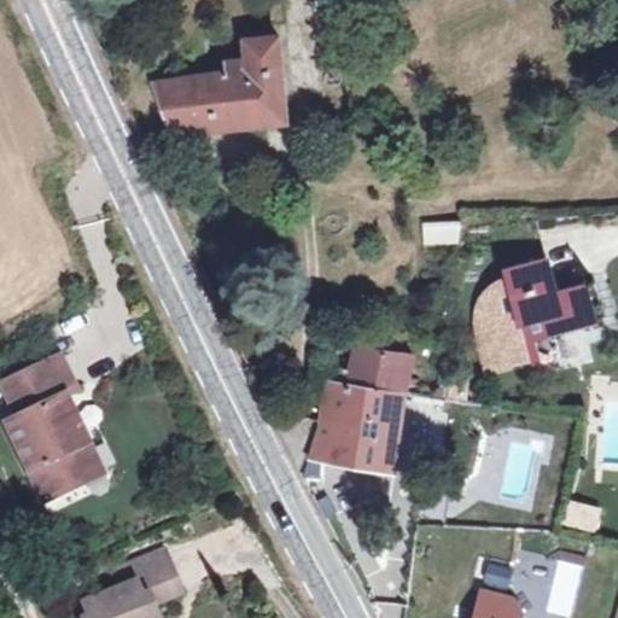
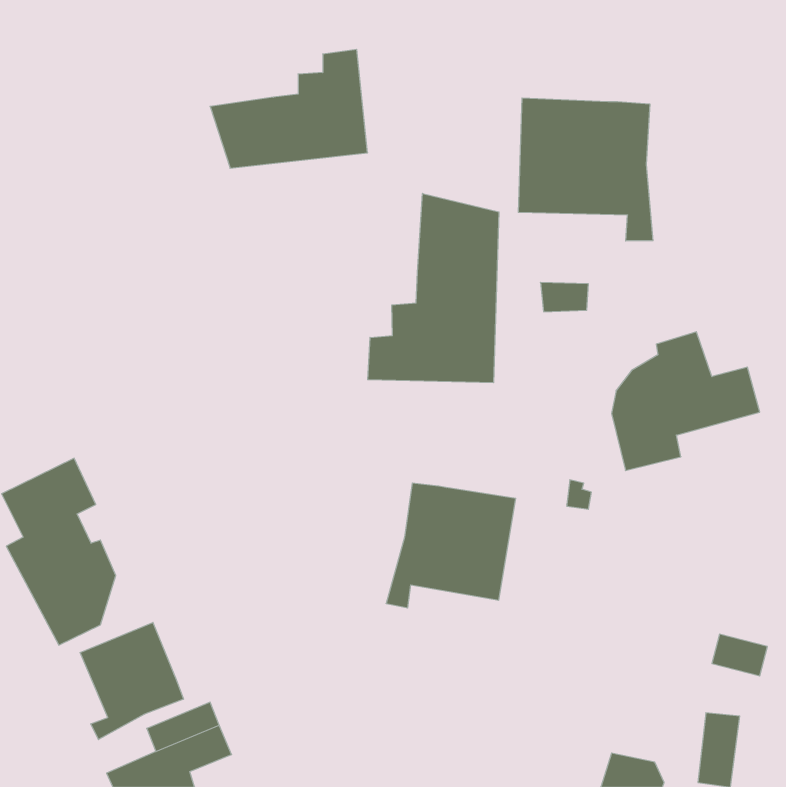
building: none -> [518,98,653,241]
building: none -> [368,193,499,383]
building: [349,345,412,390] -> none
building: none -> [80,622,183,740]

